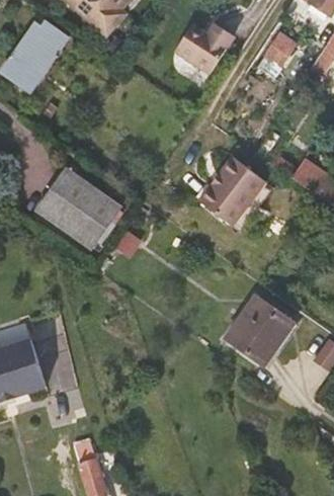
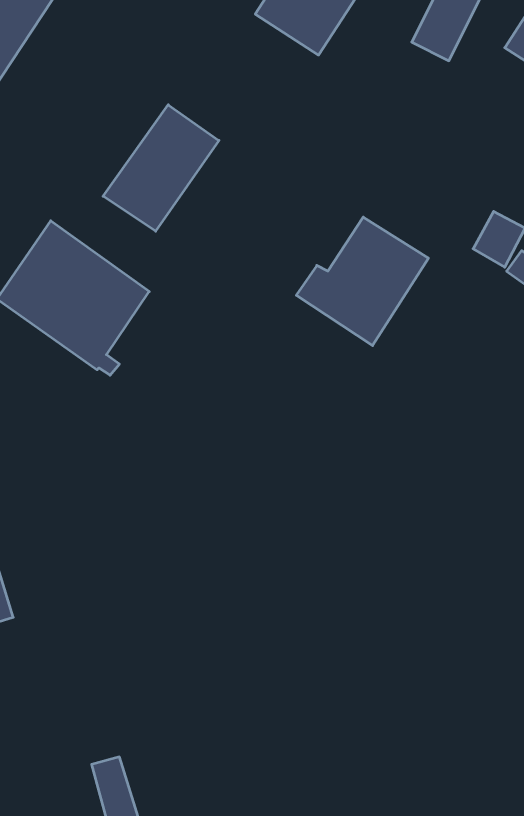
building: none -> [103,105,219,231]
building: [234,297,300,365] -> none

